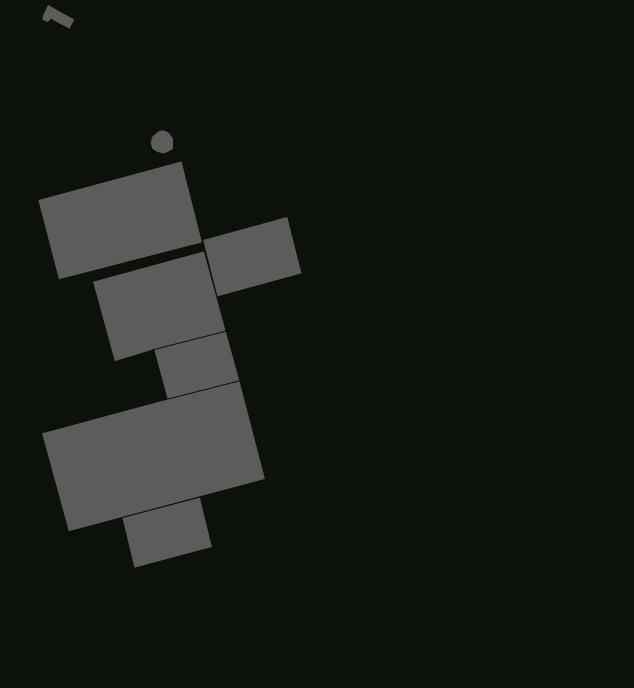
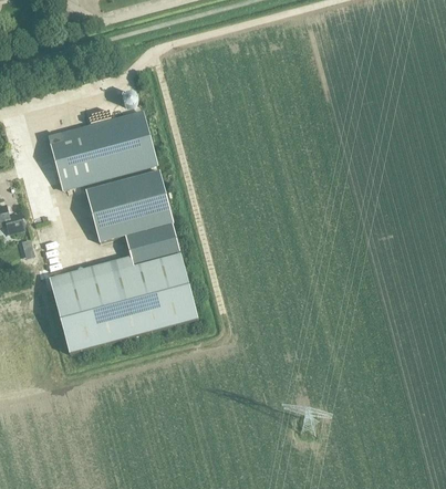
building: [203,216,302,297] -> none
building: [122,497,213,568] -> none

